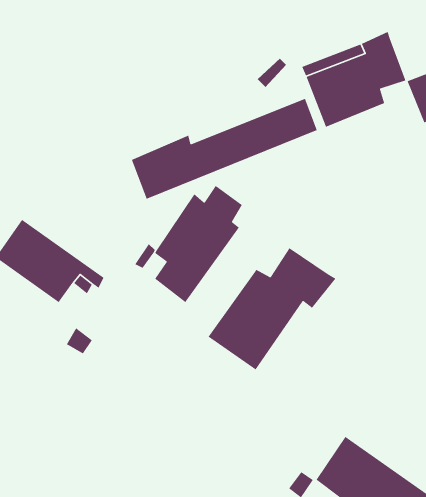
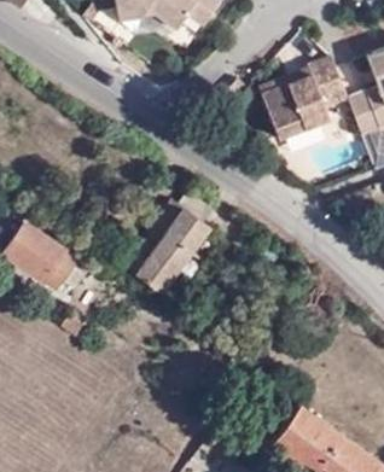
building: [131,98,318,200] -> none
building: [207,247,336,370] -> none

